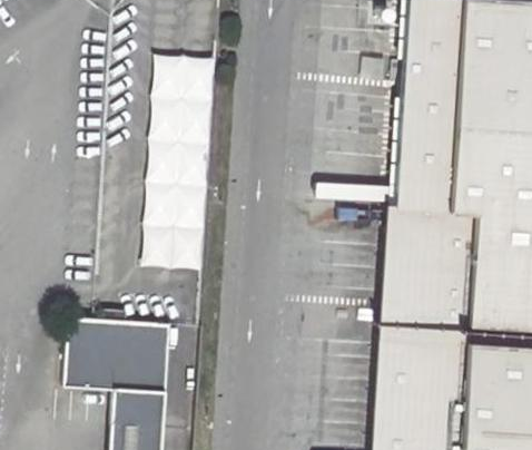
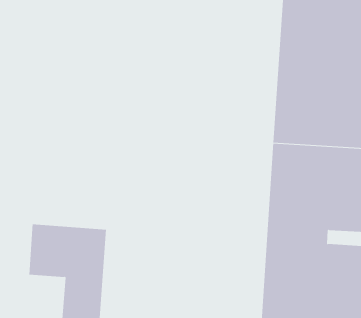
building: [141,53,208,267] -> none

